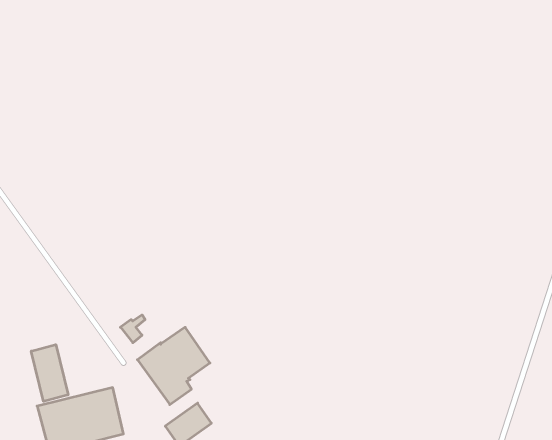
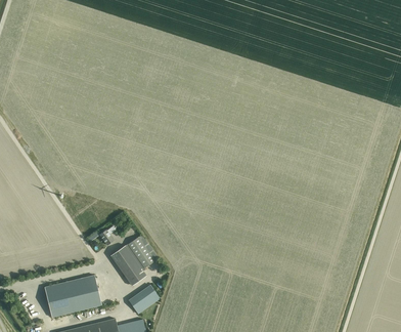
building: [31,345,68,401] -> none

